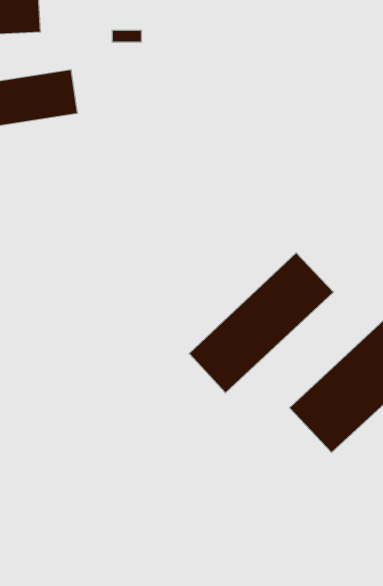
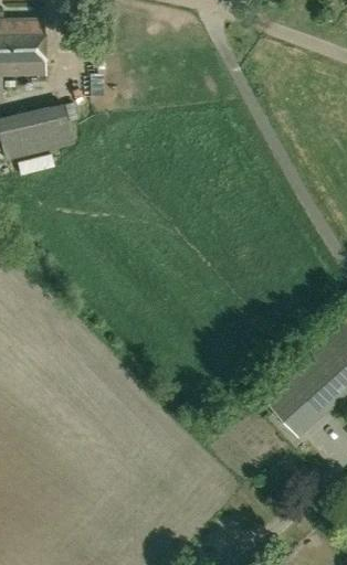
building: [189,253,334,393] -> none

